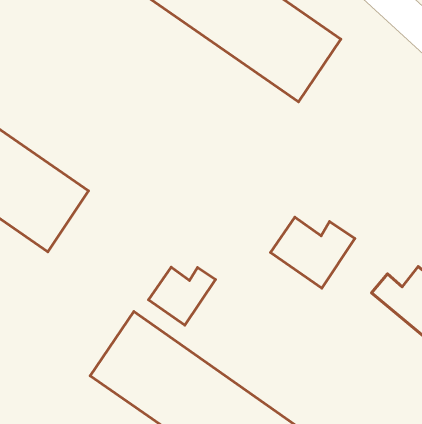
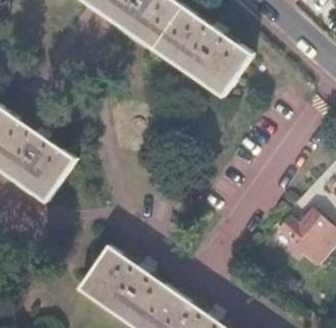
building: [270,217,355,288] -> none
building: [149,267,215,325] -> none

